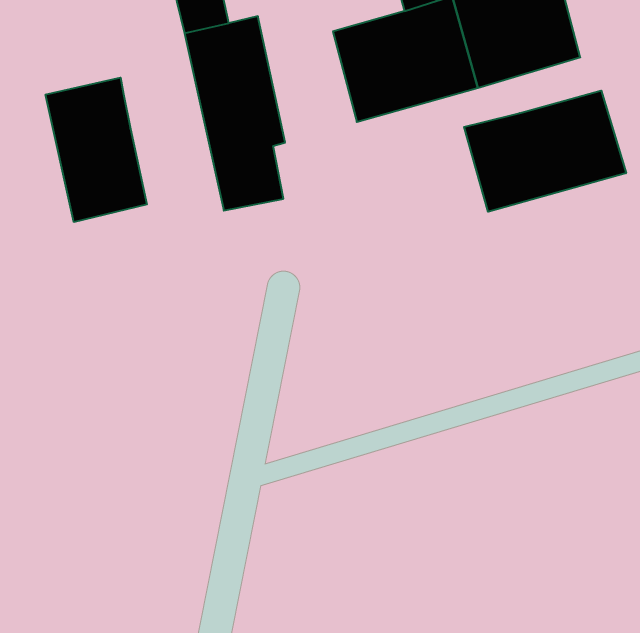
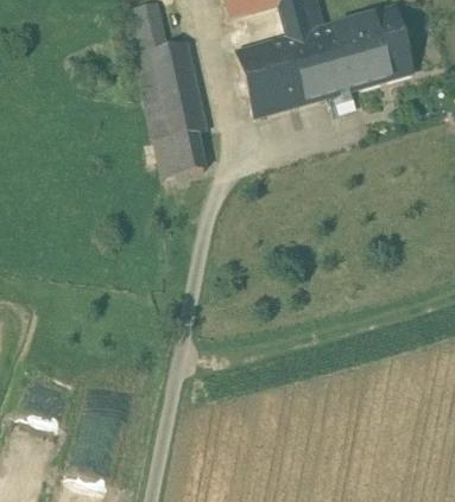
building: [46,78,147,222] -> none
building: [464,91,626,212] -> none

